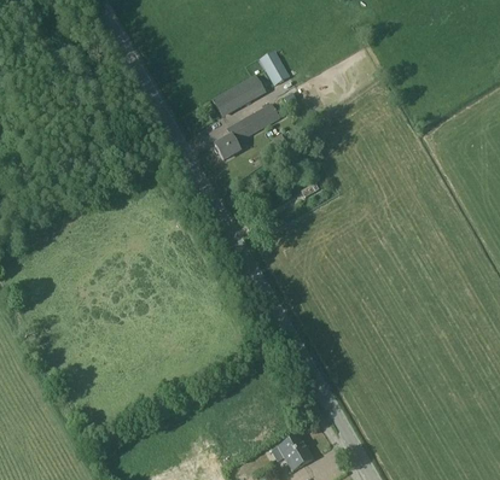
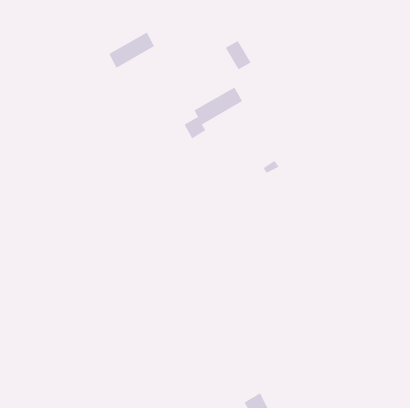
building: [213,74,263,113] -> [108,32,155,68]

